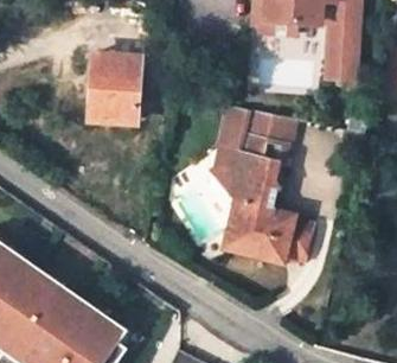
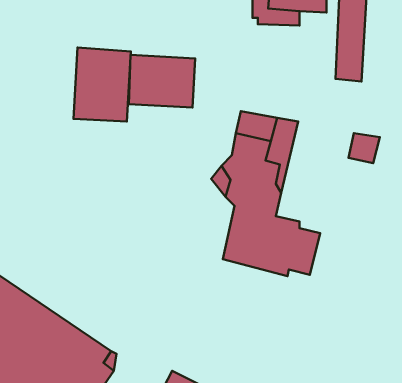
building: none -> [129,55,195,108]

